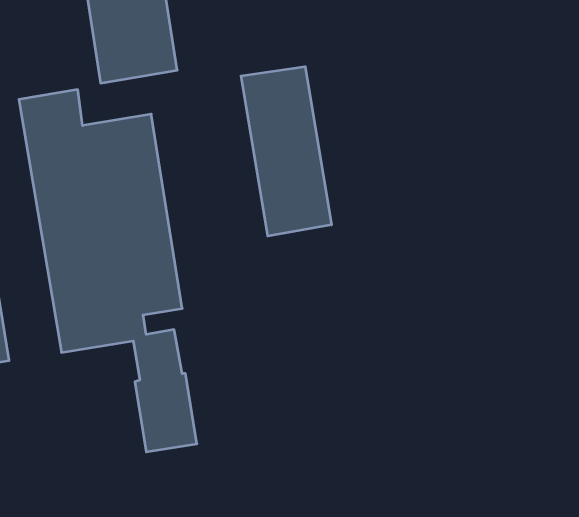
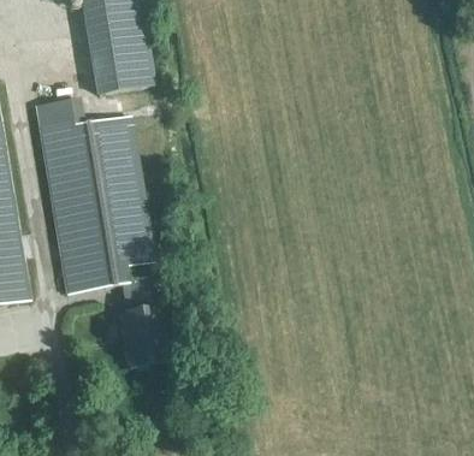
building: [241,67,331,236] -> none

